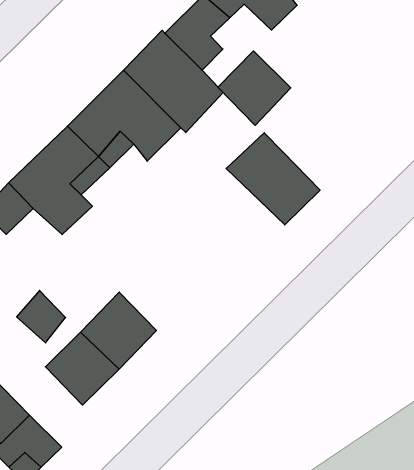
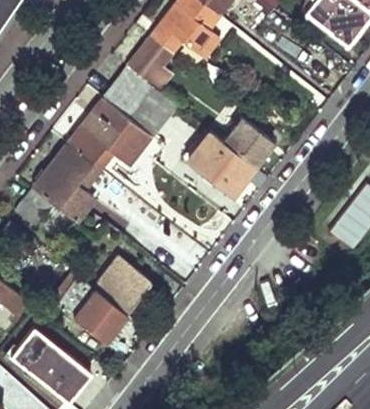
building: [218,51,291,125] -> [224,114,276,167]

